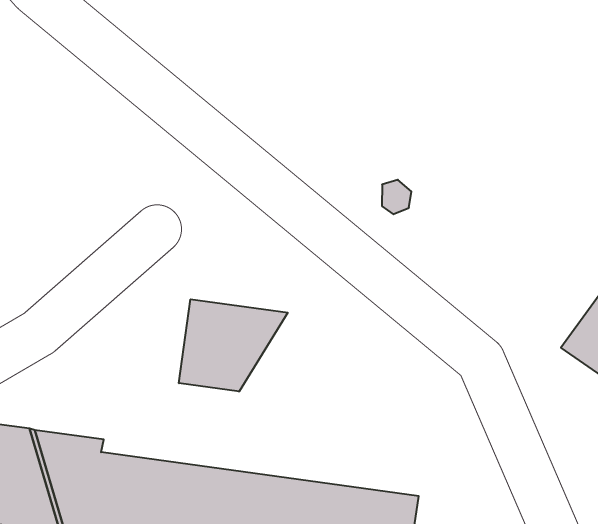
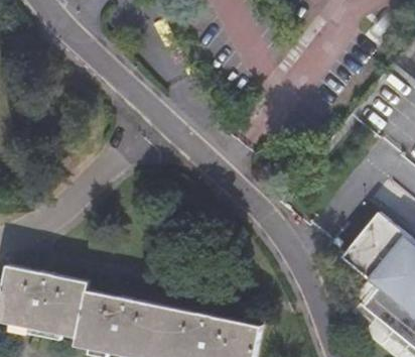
building: [179,299,288,392] -> none

